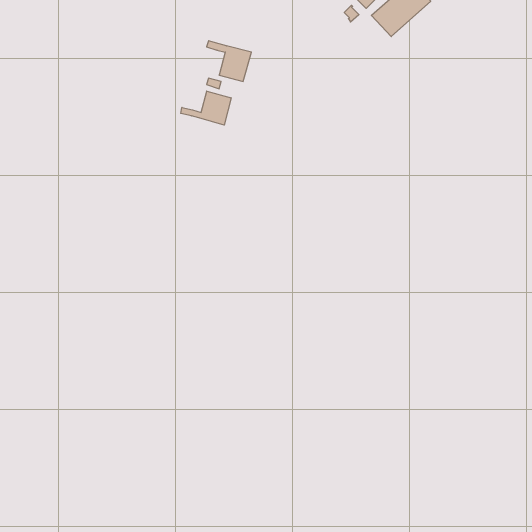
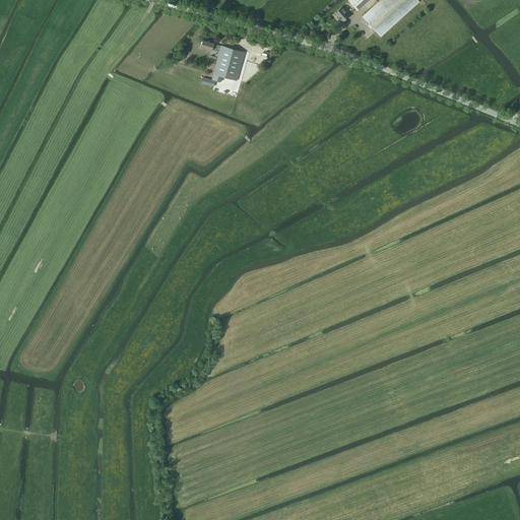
building: [181,91,231,125] -> none

